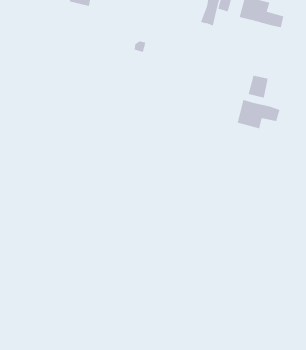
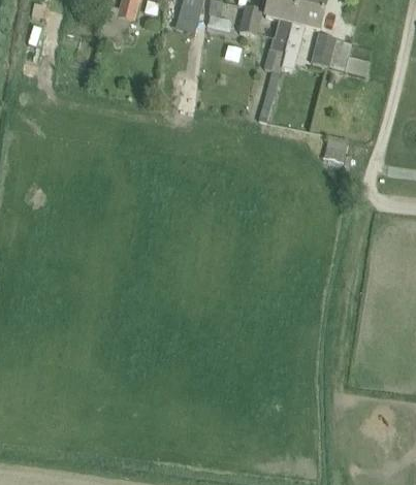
building: [237,99,280,129] -> none

